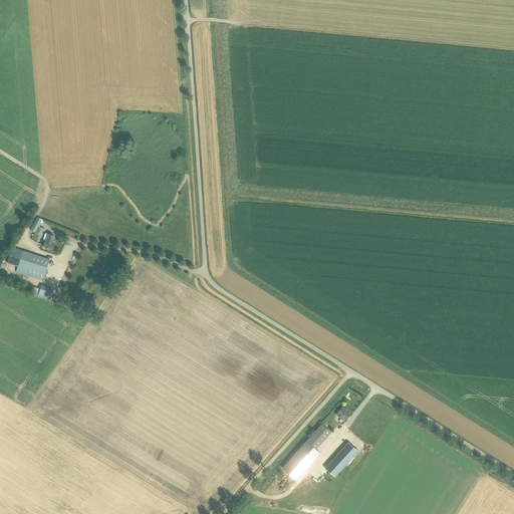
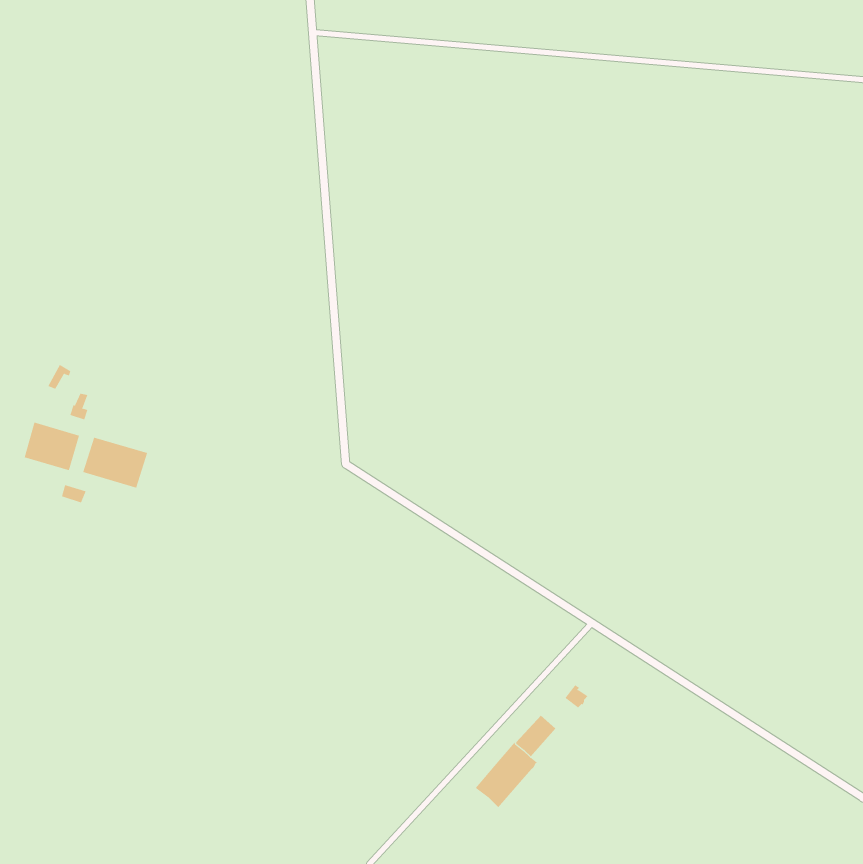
building: none -> [83,437,148,489]
building: [322,441,356,476] -> none

